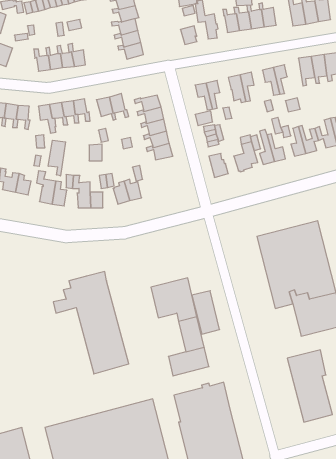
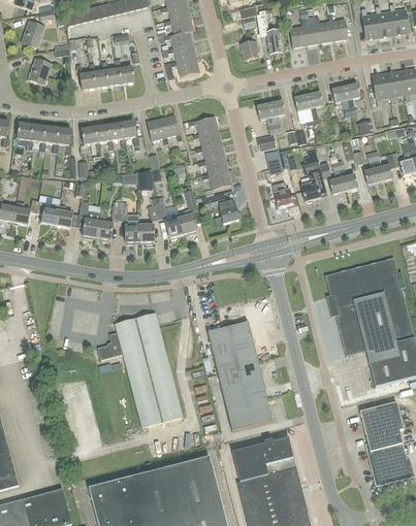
building: [48,140,66,176] -> none
building: none -> [210,196,239,223]
building: [192,291,220,334] -> [215,360,246,408]

